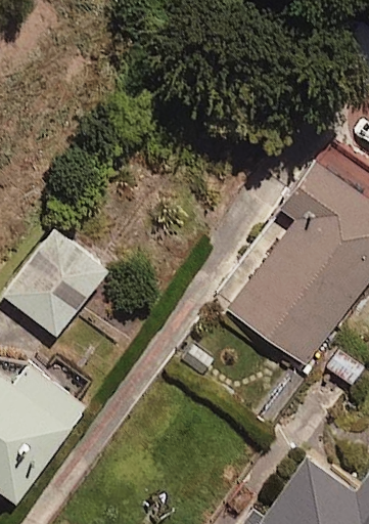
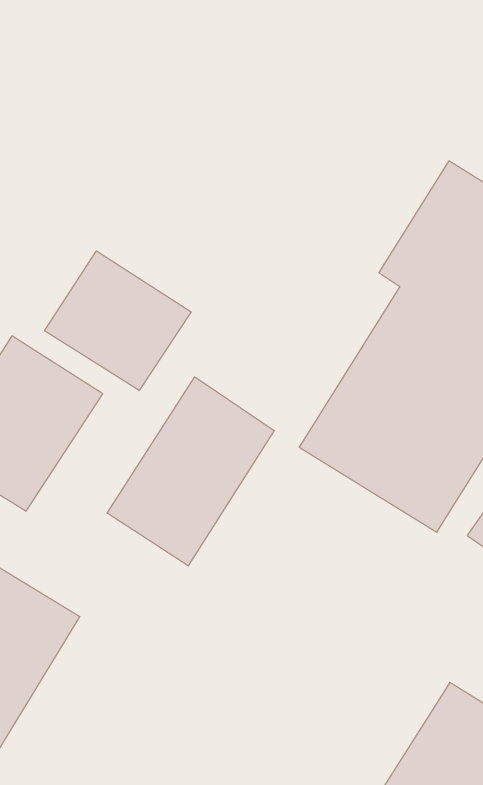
building: none -> [45,251,191,391]
building: none -> [107,377,274,566]

